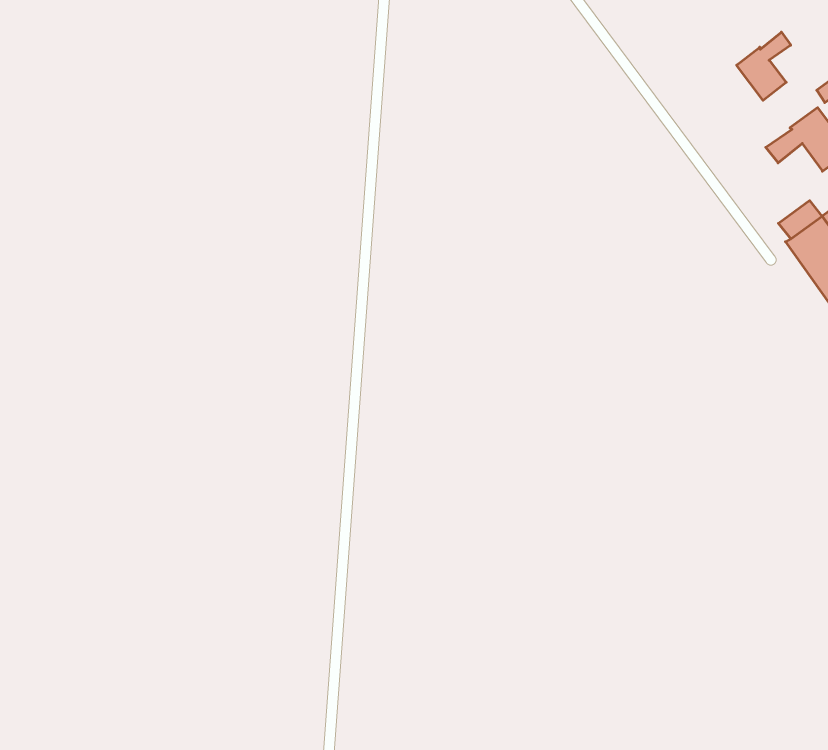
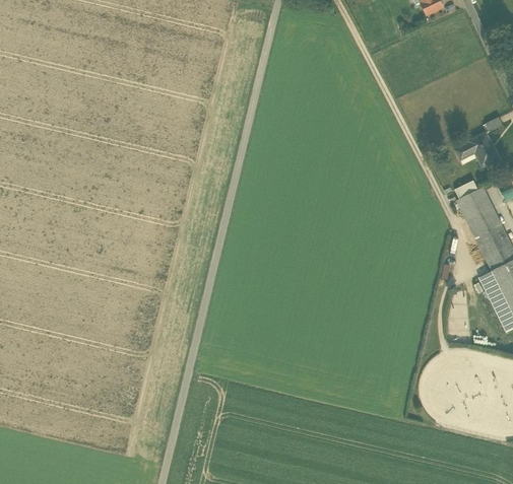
building: [737,32,791,100] -> none

